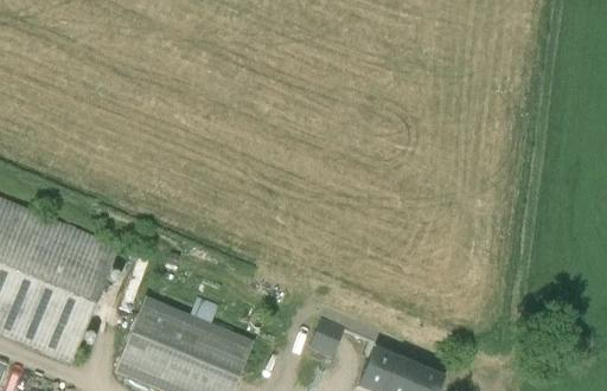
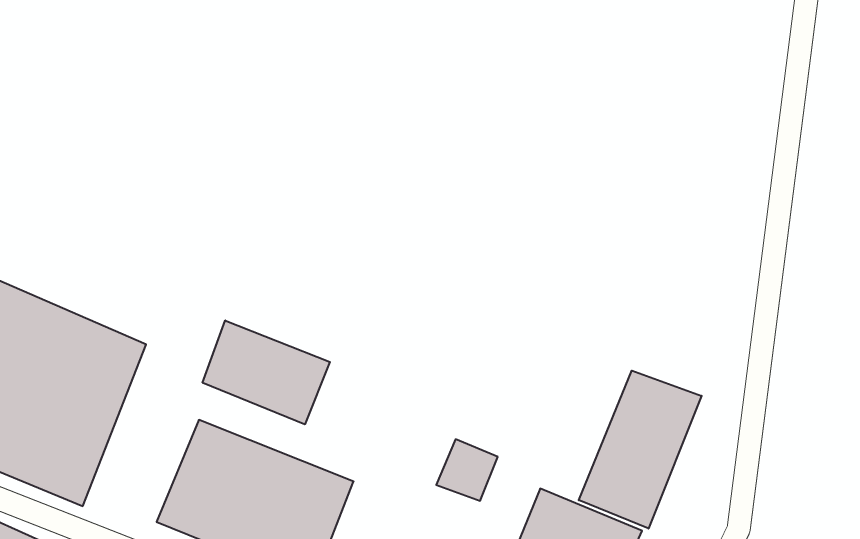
building: none -> [203,320,330,424]
building: none -> [579,371,702,529]

